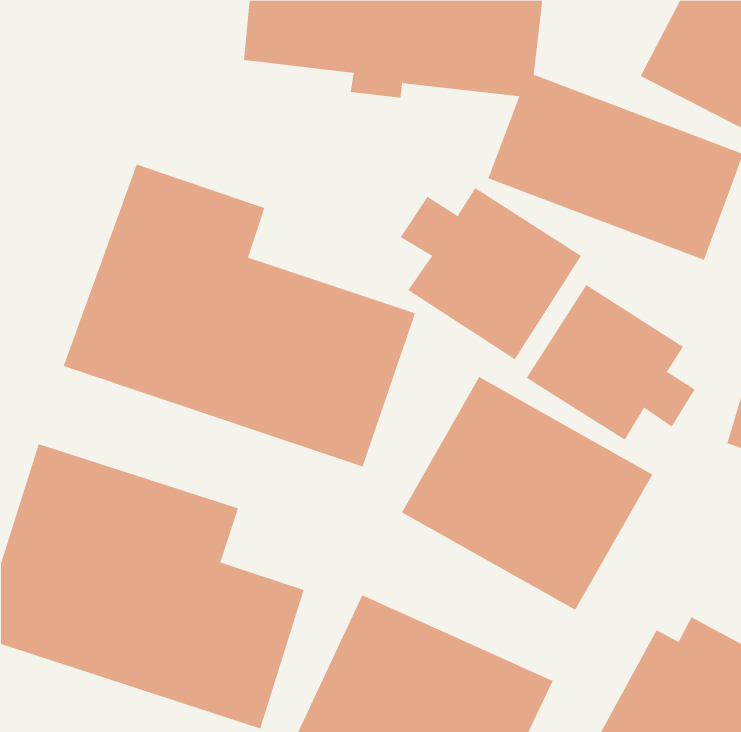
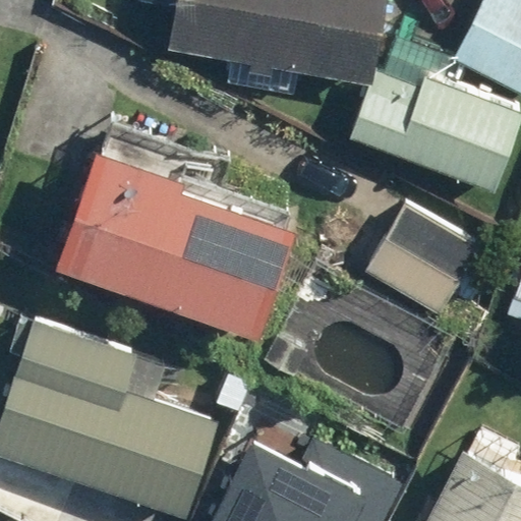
building: [400,187,582,360] -> none

